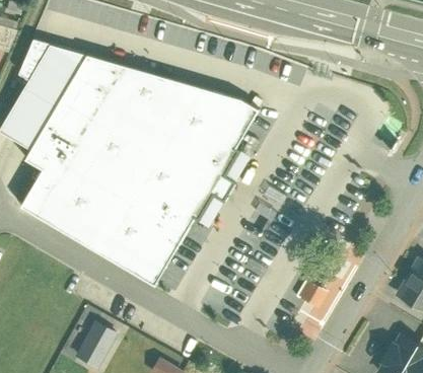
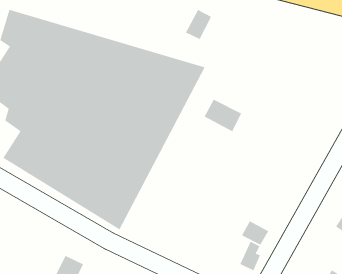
building: none -> [185,9,212,40]
building: none -> [204,99,242,132]

